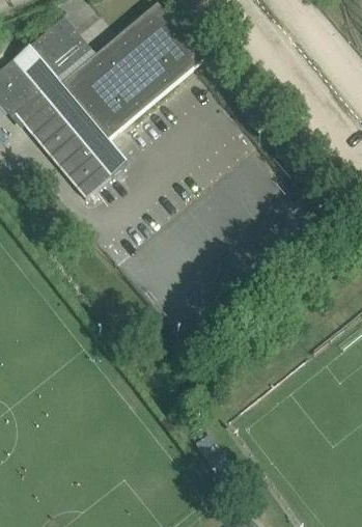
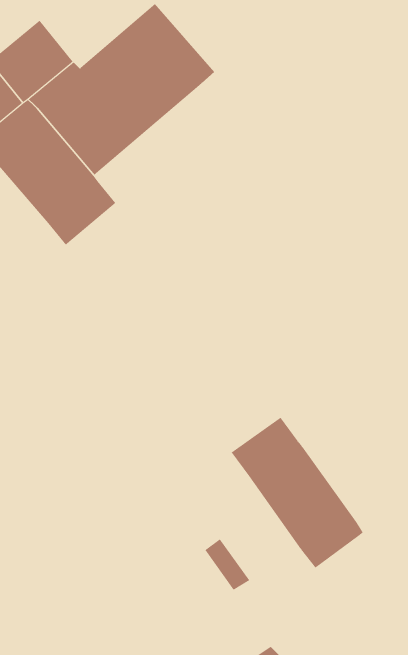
building: none -> [231,417,363,569]

